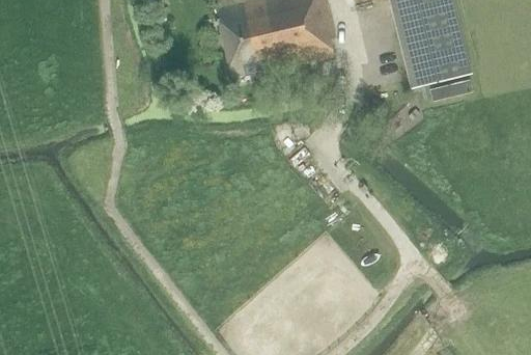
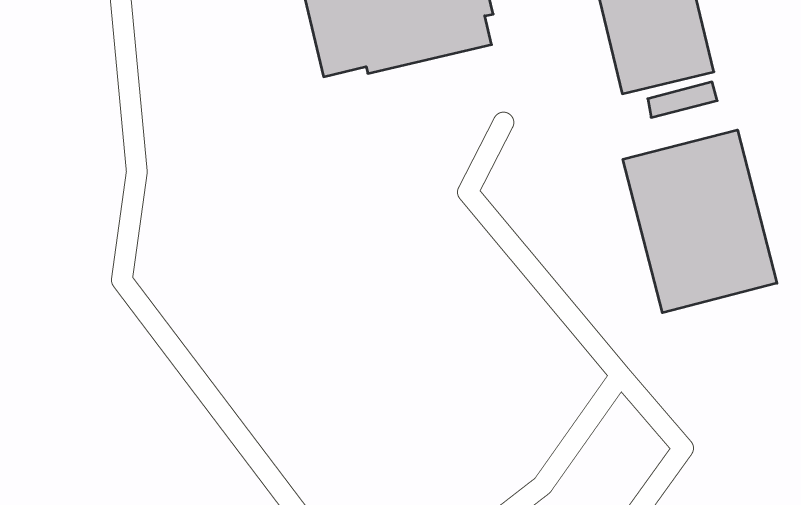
building: none -> [623,130,777,313]

